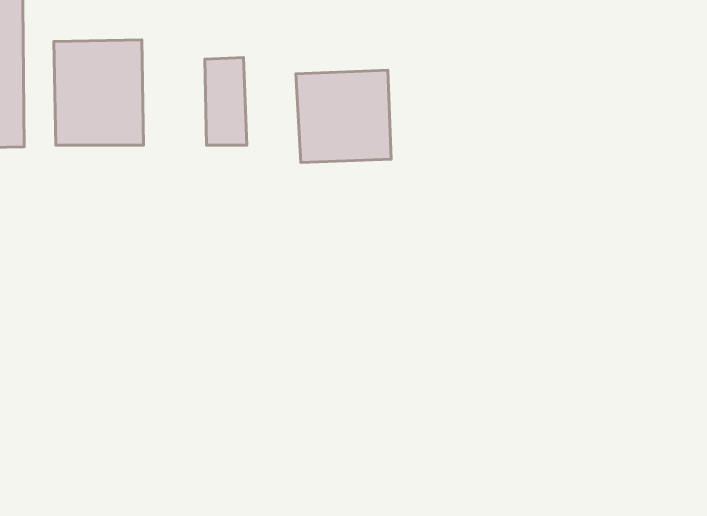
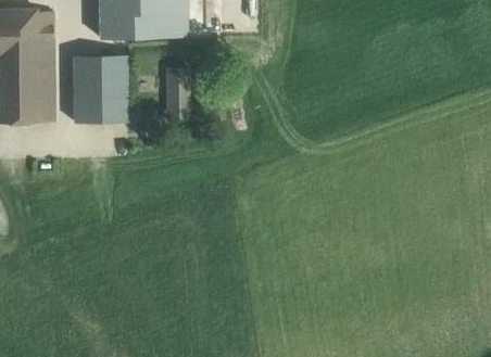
building: [296,70,391,163] -> none

